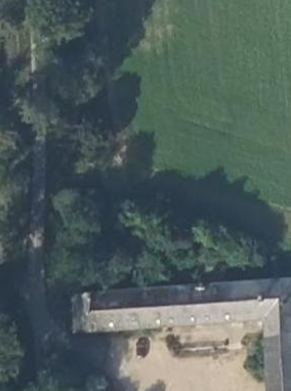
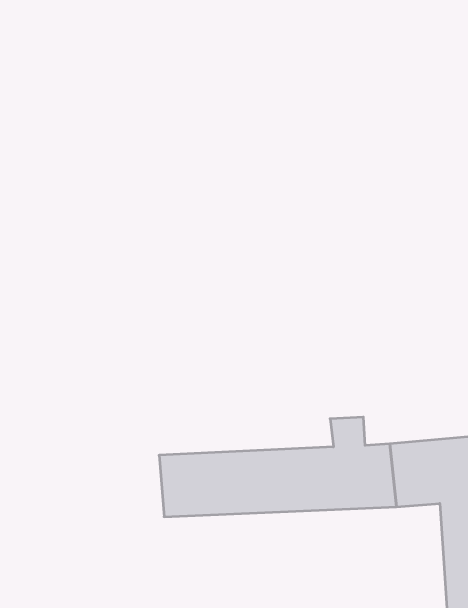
building: [77,290,102,329] -> none

